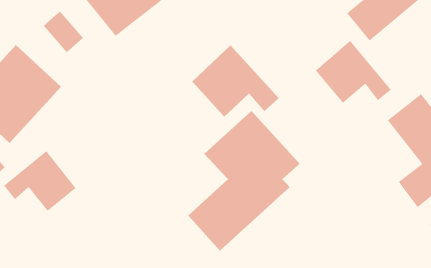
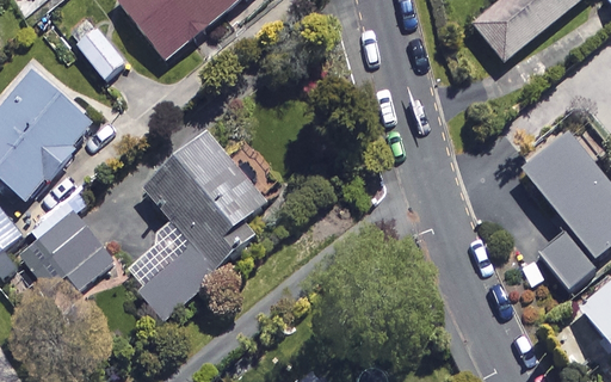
building: [315,40,392,104] -> none
building: [191,44,279,117] -> none
building: [187,110,300,252] -> [122,133,271,319]

